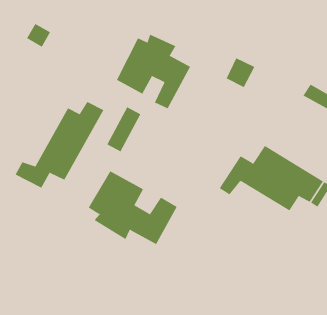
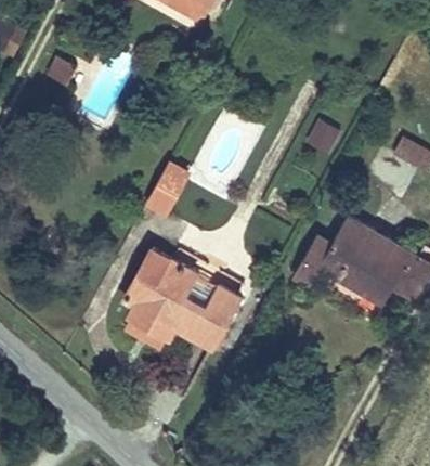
building: [116,34,191,109] -> none
building: [15,101,104,189] -> none

